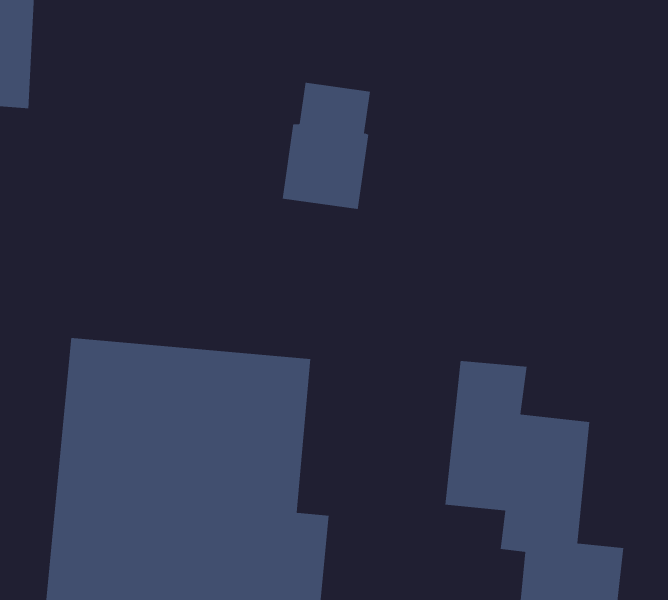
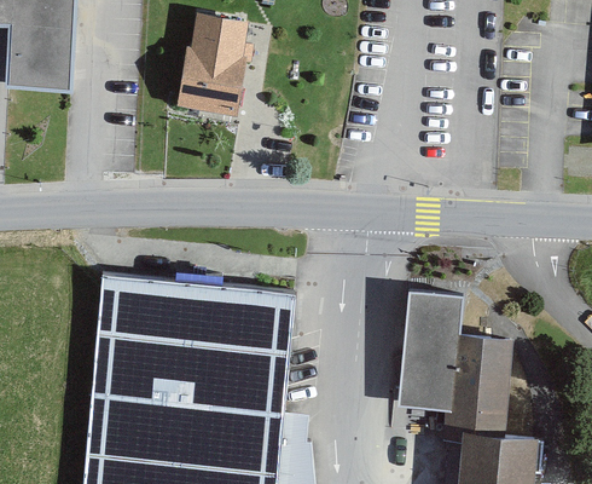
building: [282,82,371,210] -> [176,15,246,115]

